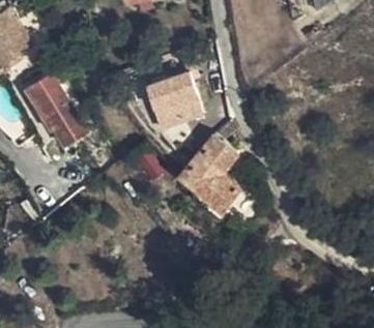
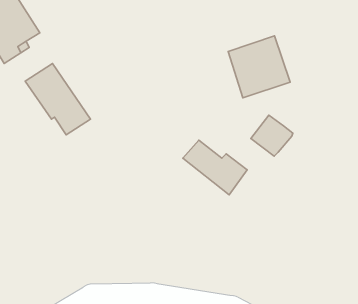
building: [141,59,202,120] -> [228,36,290,98]
building: [196,132,237,173] -> [251,115,293,156]

